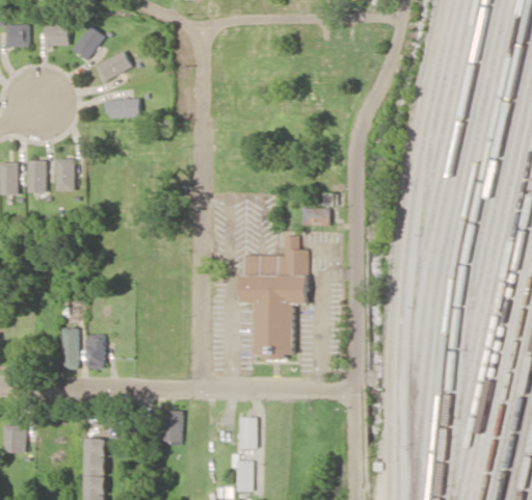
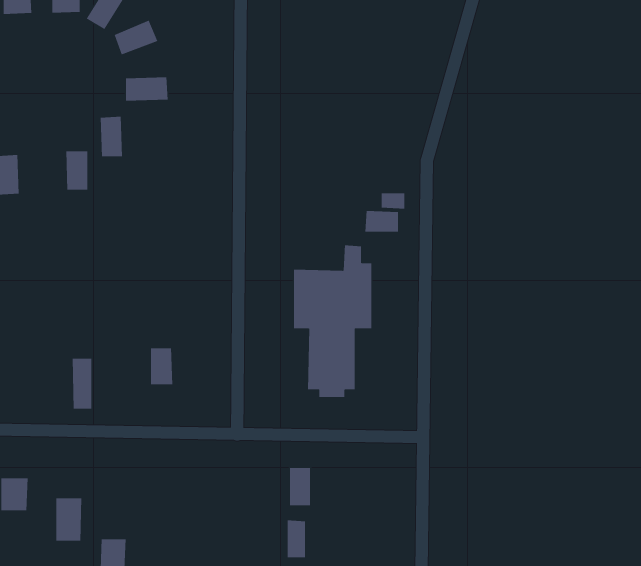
building: [28,159,47,192] -> [100,116,123,157]
building: [85,338,104,368] -> [150,348,173,385]
building: [162,410,183,444] -> none
building: [84,438,106,473] -> [56,498,82,541]

